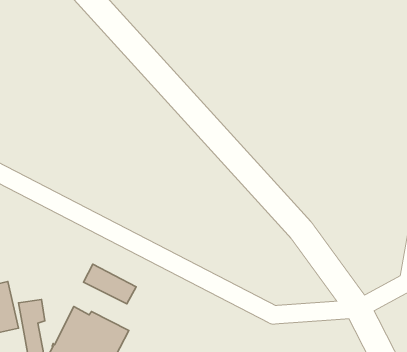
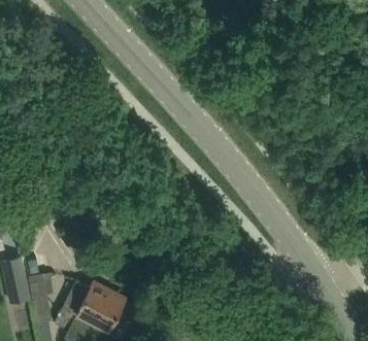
building: [83,264,136,304] -> none

